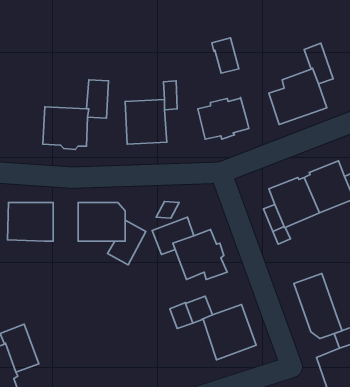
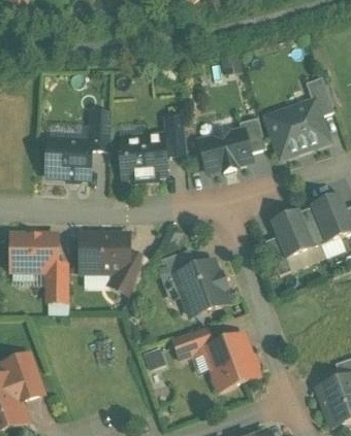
building: [212,38,239,73] -> [238,116,265,152]
building: none -> [46,264,68,301]
building: [294,273,342,339] -> none

